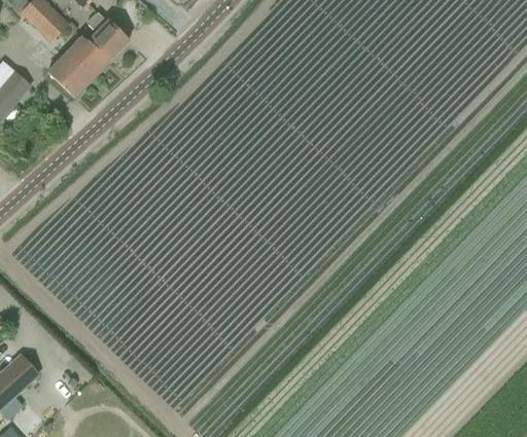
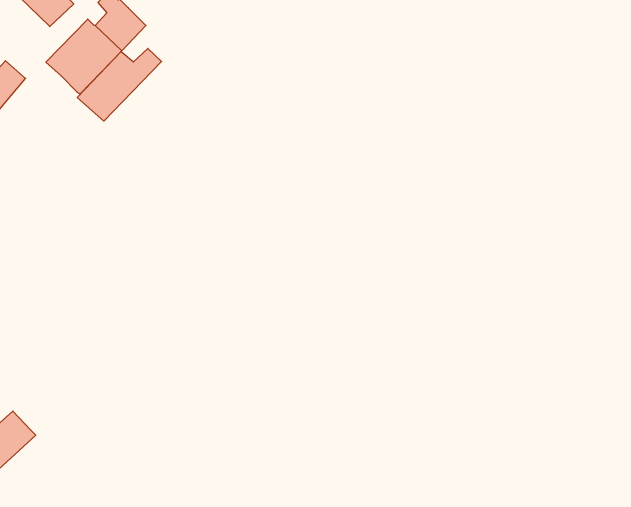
building: none -> [77,48,162,121]

